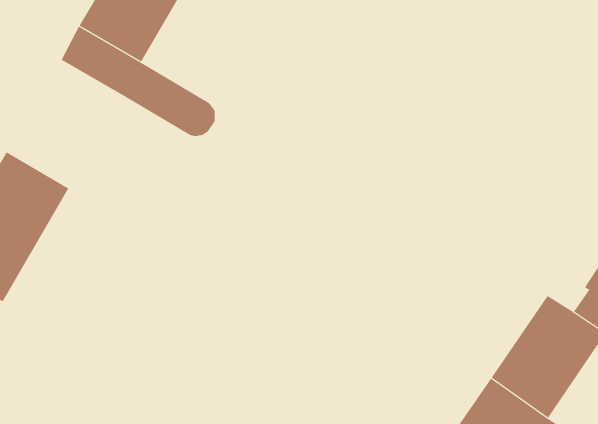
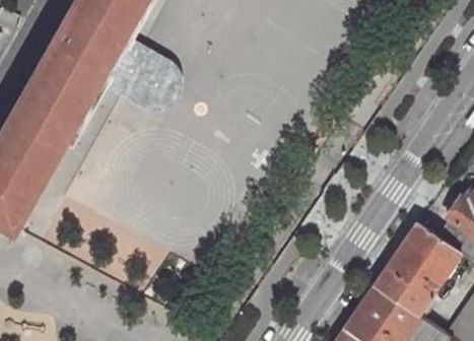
building: none -> [16,48,103,143]

